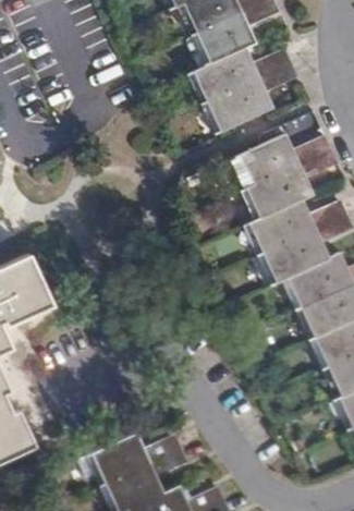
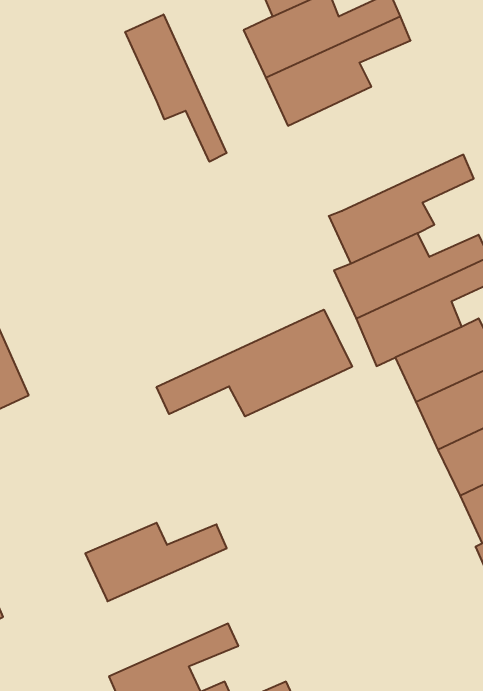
building: none -> [125,14,227,162]
building: [240,134,331,186] -> none
building: none -> [157,310,352,416]
building: [90,434,181,484] -> [85,523,227,601]

